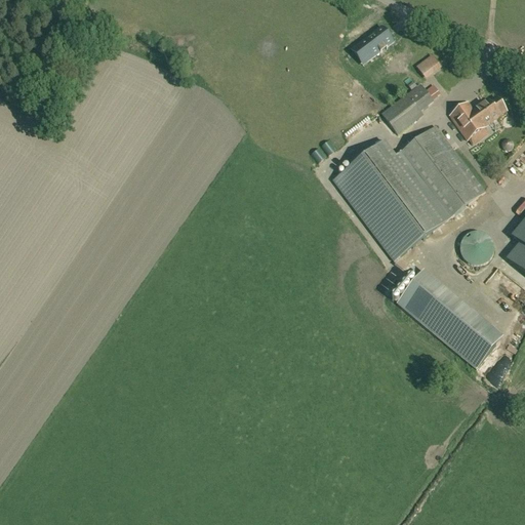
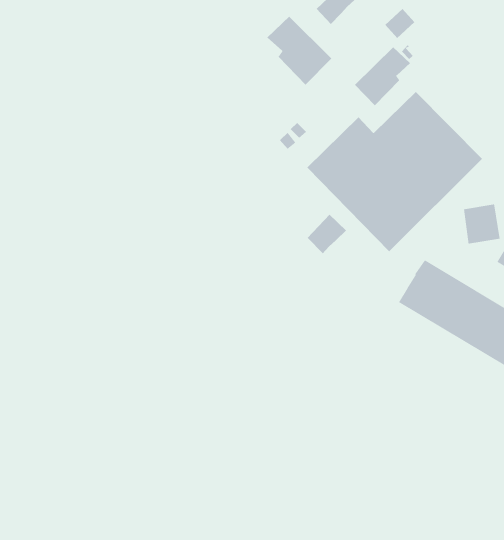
building: none -> [266,16,332,86]
building: [448,96,506,138] -> none
building: none -> [307,214,347,254]

